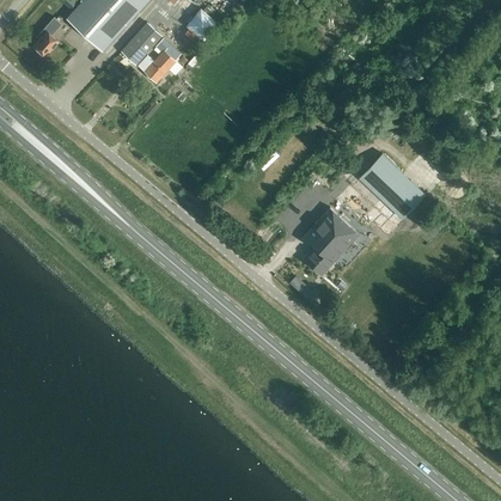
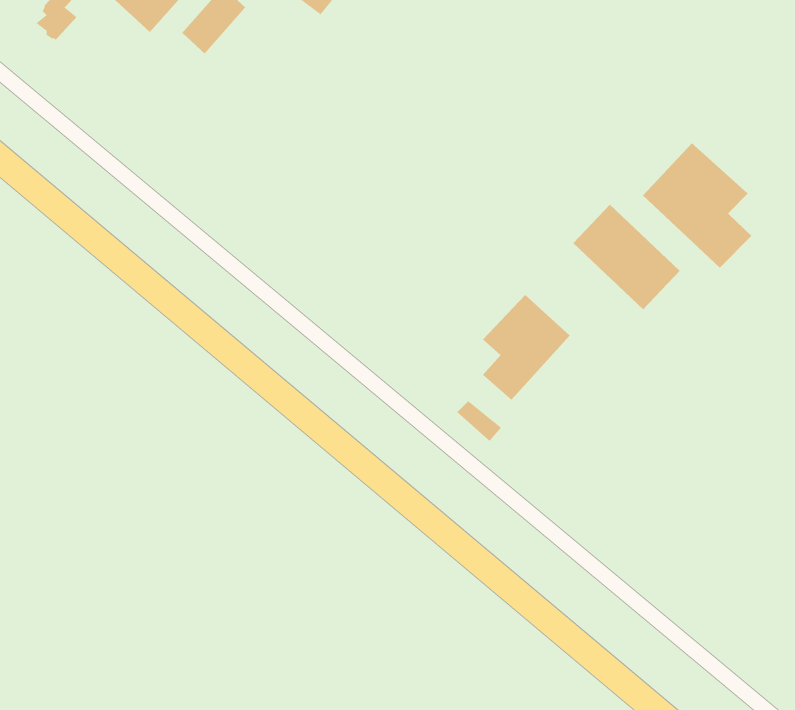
building: [138,39,181,81] -> none
building: none -> [642,143,752,269]

